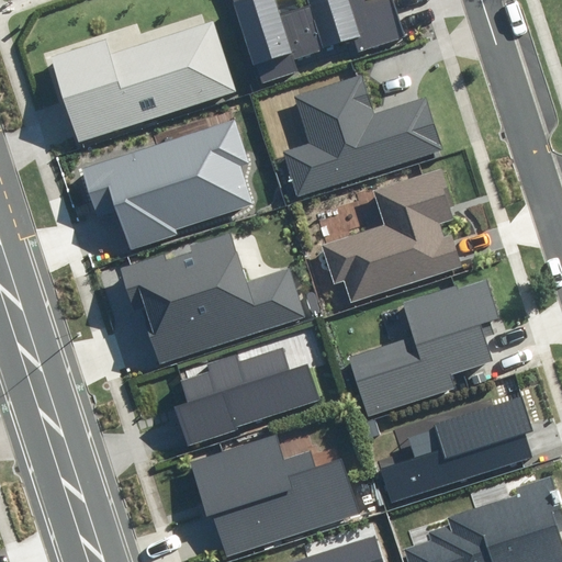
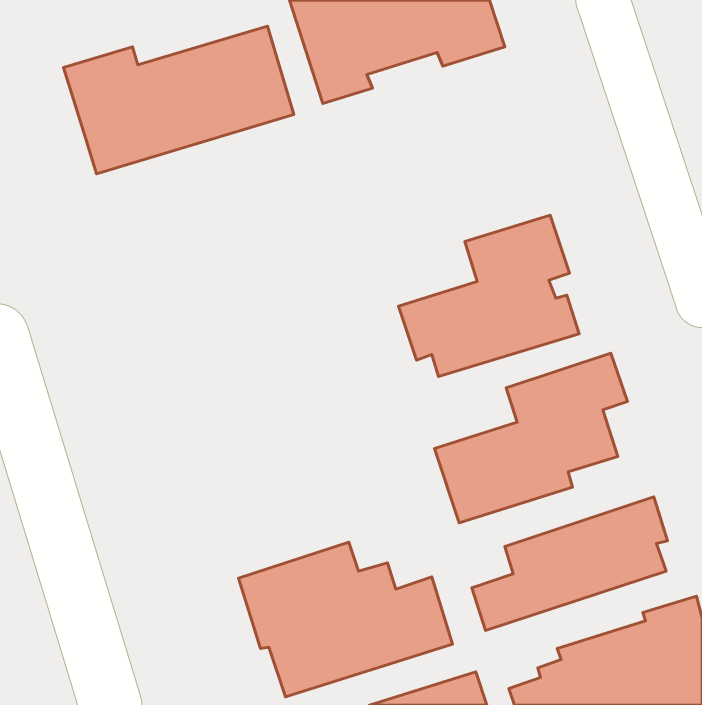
building: [280,76,443,199] -> none
building: [79,120,248,250] -> none
building: [117,232,304,363] -> none
building: [168,348,324,450] -> none

